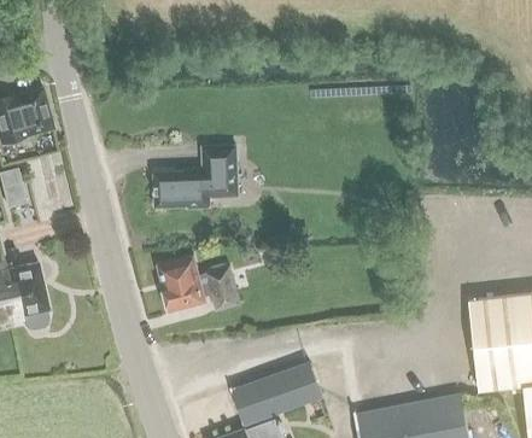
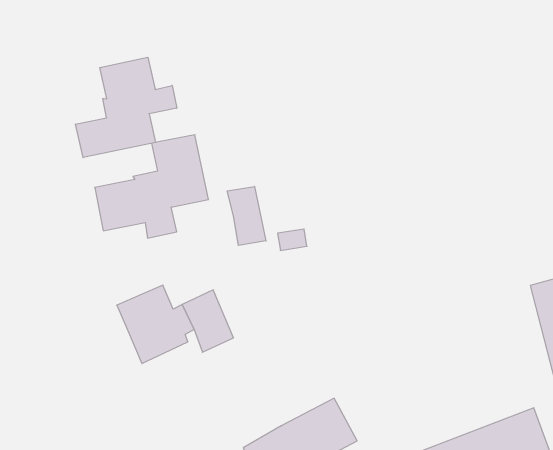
building: none -> [76,57,177,158]
building: none -> [227,186,266,245]

